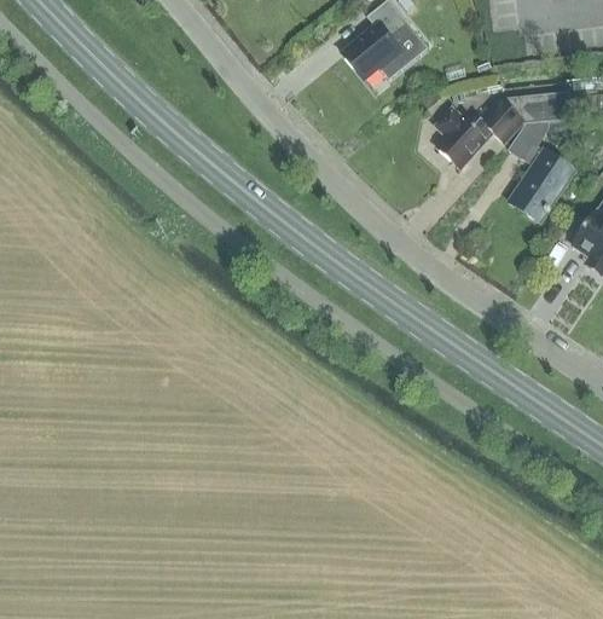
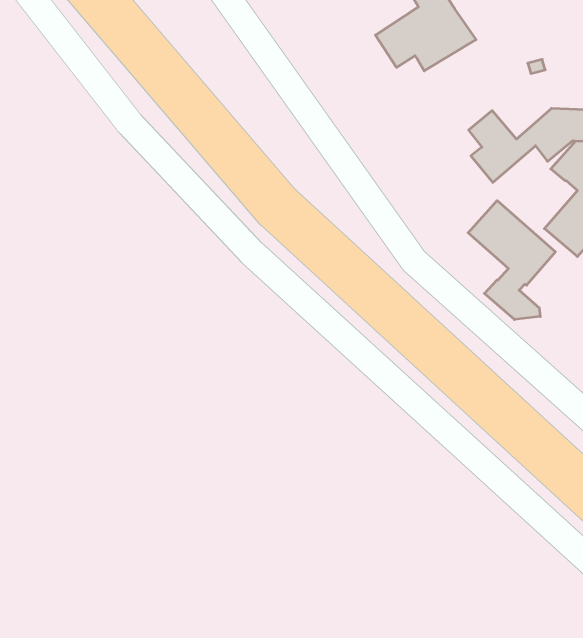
building: none -> [468,201,555,320]

